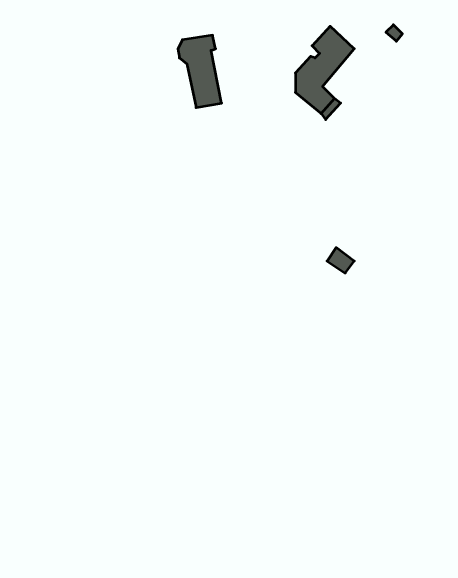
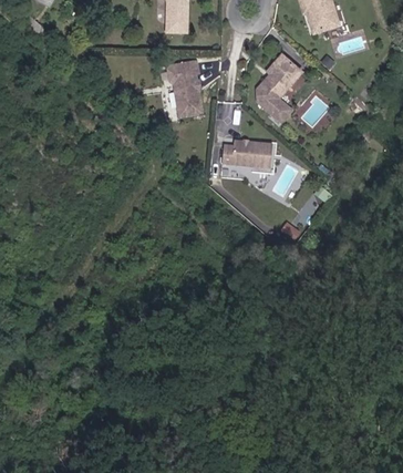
building: none -> [220,140,270,168]

